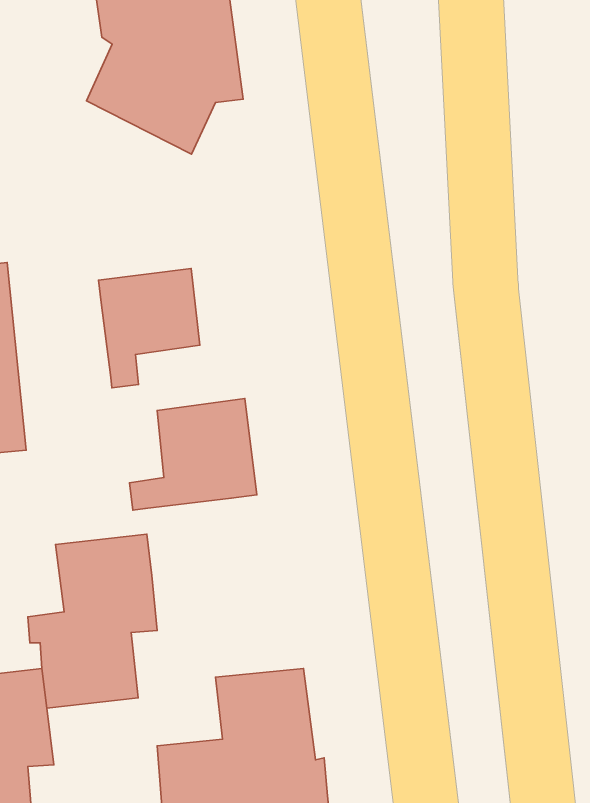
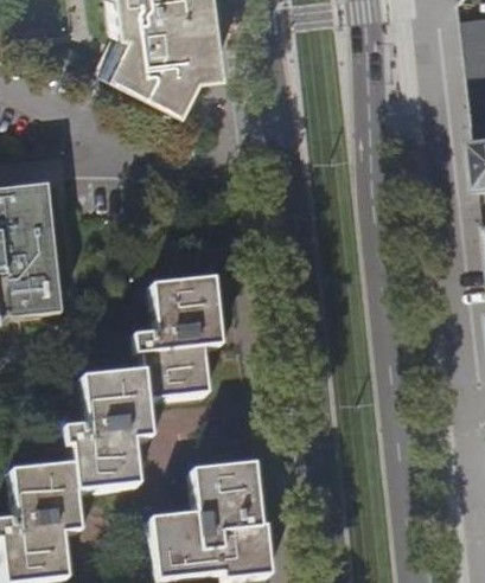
building: [98,268,200,388] -> none
building: none -> [143,345,209,398]

